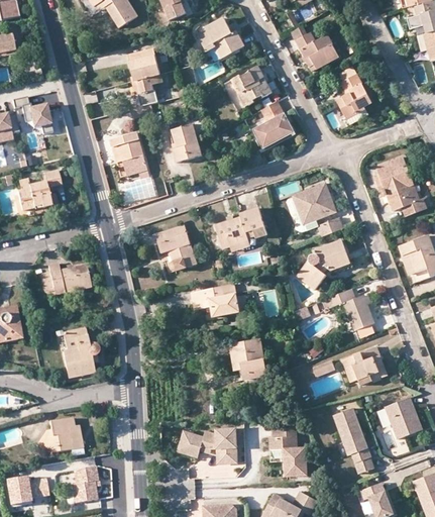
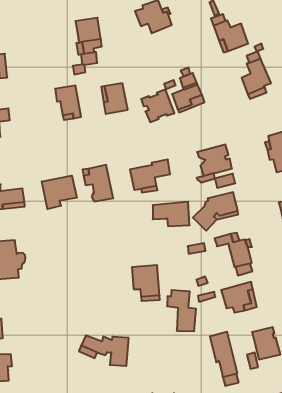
building: [229,65,271,106] -> [141,90,174,122]
building: none -> [42,176,77,209]
building: [191,283,238,315] -> [153,202,190,226]
building: [267,426,305,476] -> [167,290,196,331]

